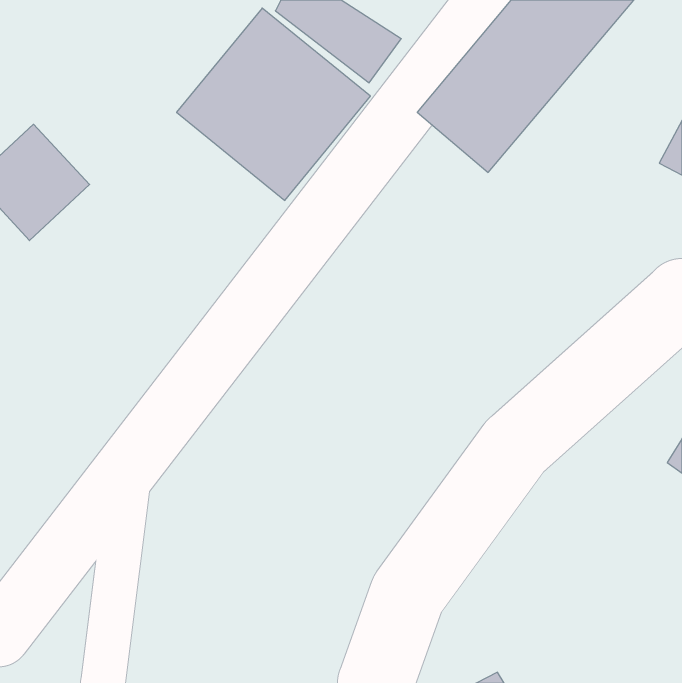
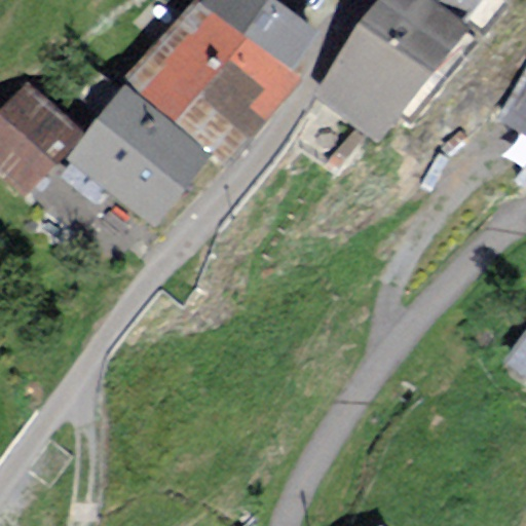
building: none -> [88,93,216,219]

